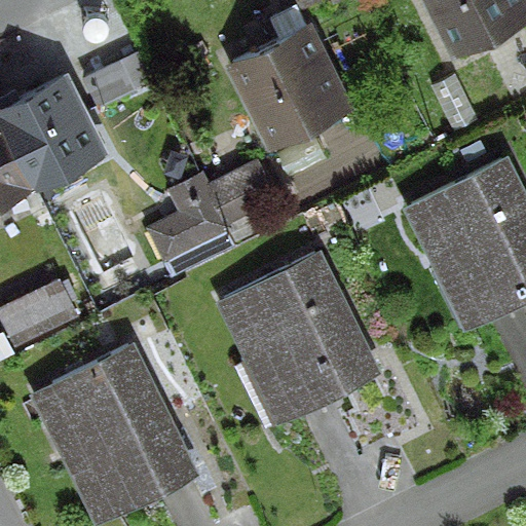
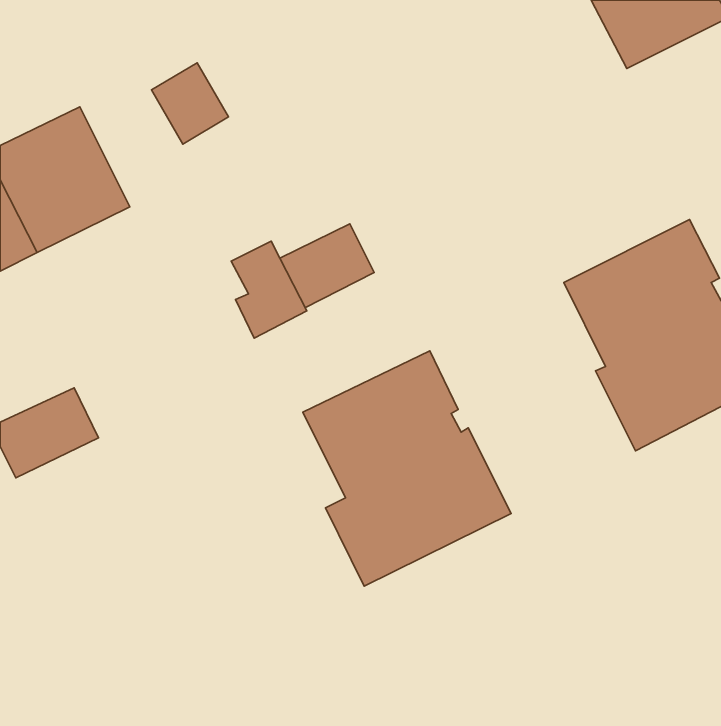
building: [233,26,347,144] -> none
building: [52,346,191,519] -> none

